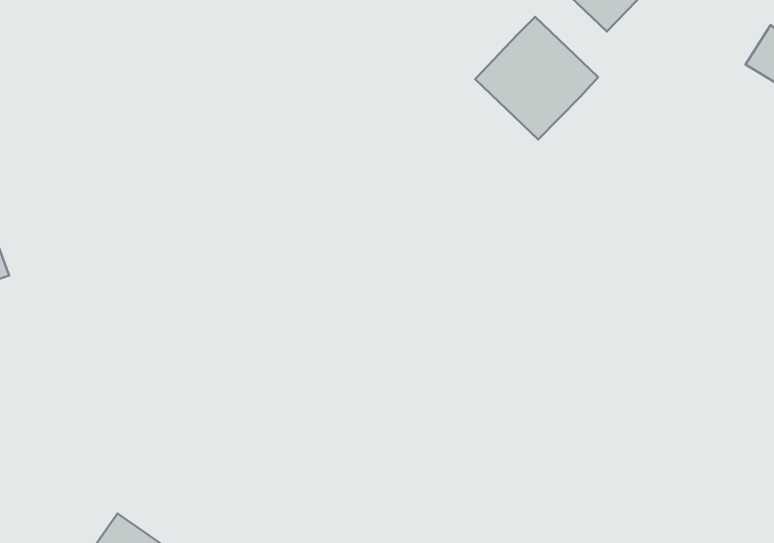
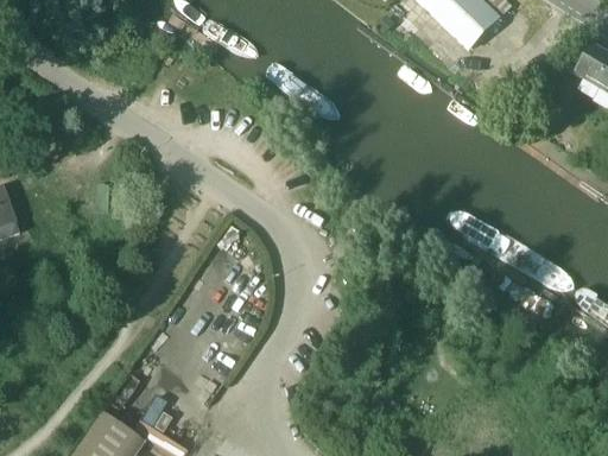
building: [475,17,598,140] -> none

